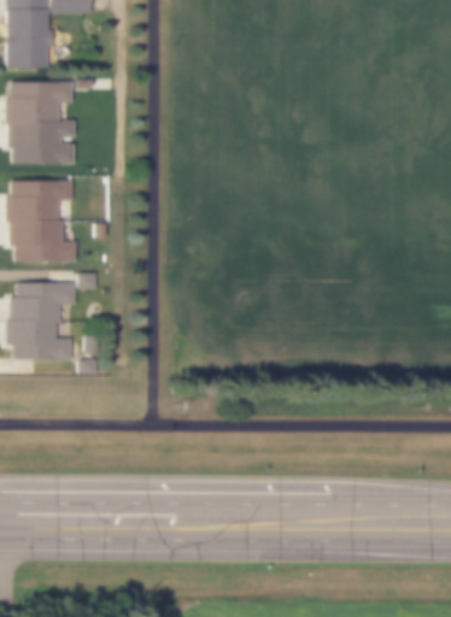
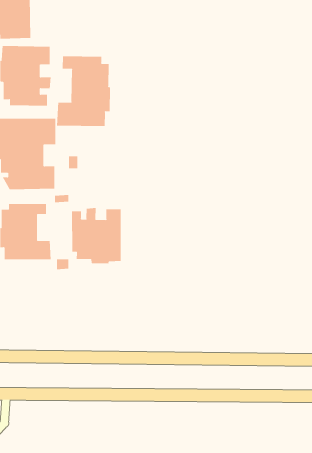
building: none -> [56,55,111,127]
building: none -> [72,207,121,264]

